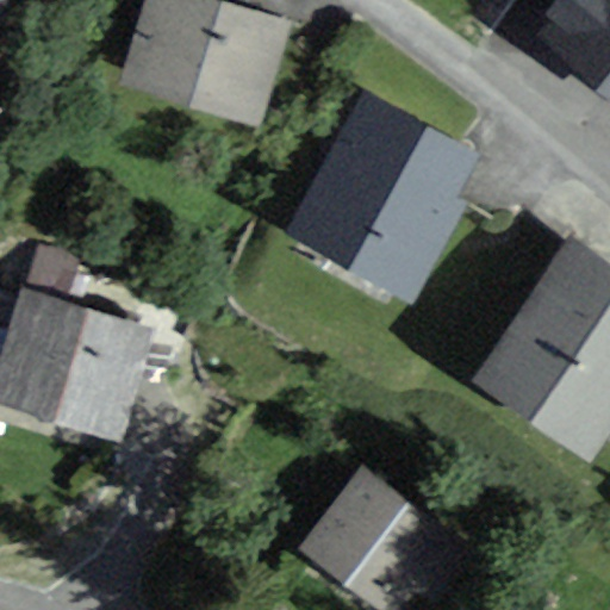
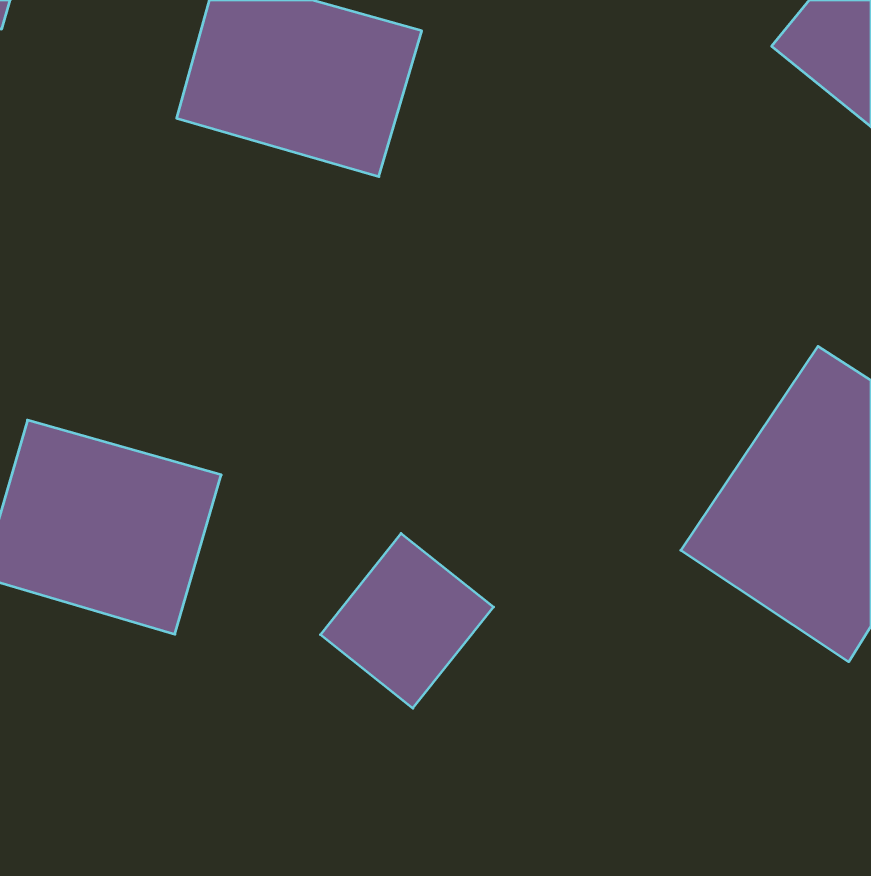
building: [290,94,481,298] -> none
building: [309,473,429,595] -> [320,533,494,708]

